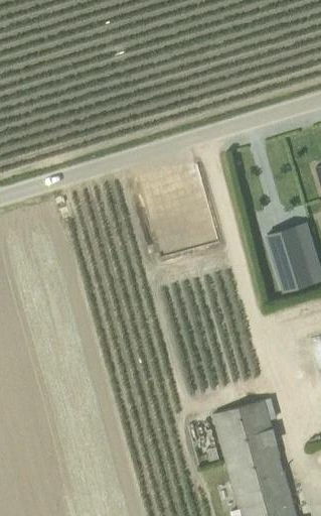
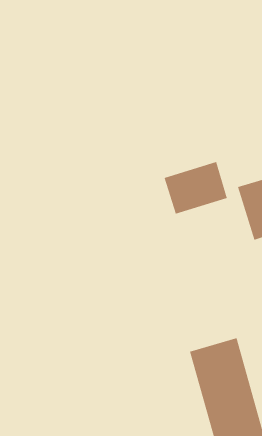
building: none -> [164,161,227,214]

